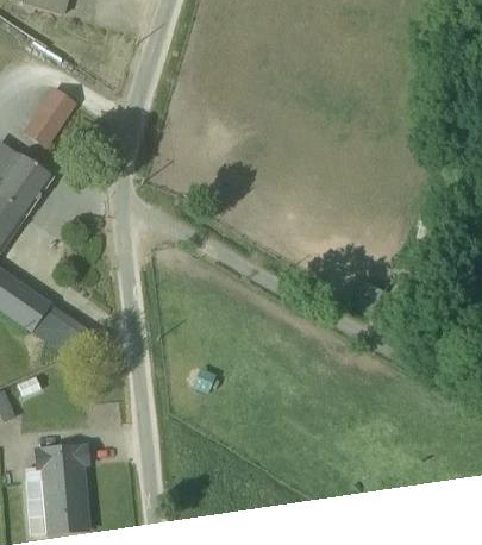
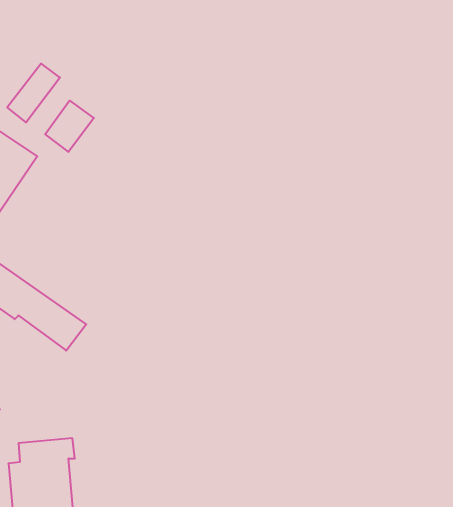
building: none -> [45,101,94,152]

